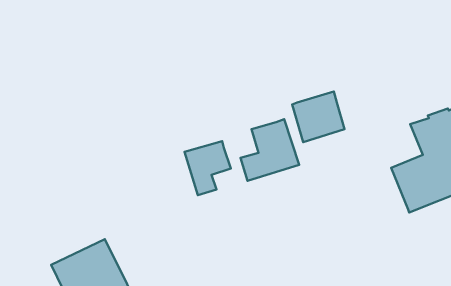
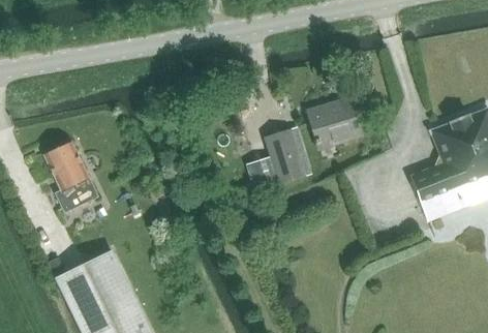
building: none -> [44,142,98,212]
building: [185,141,231,195] -> none

